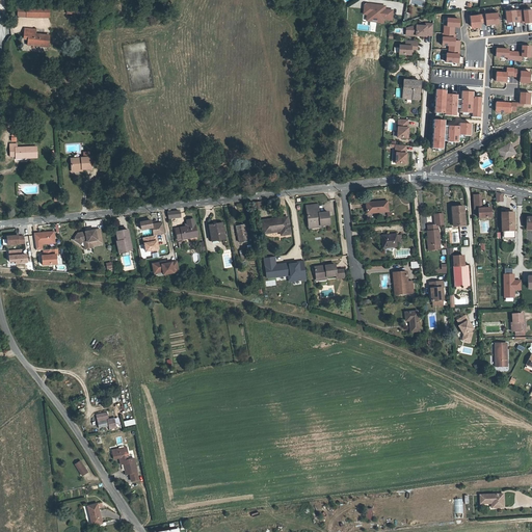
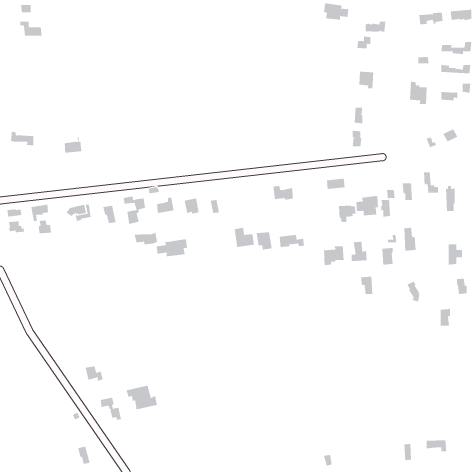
building: [443,20,460,63] -> none
building: [434,89,457,116] -> none
building: [432,119,471,149] -> none
building: [262,217,291,236] -> none
building: none -> [356,195,379,216]
building: none -> [156,238,187,257]
building: none -> [323,246,344,266]
building: none -> [126,385,157,410]

